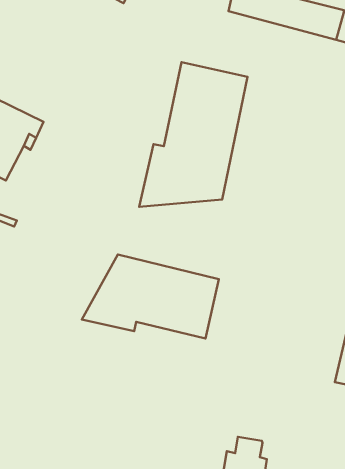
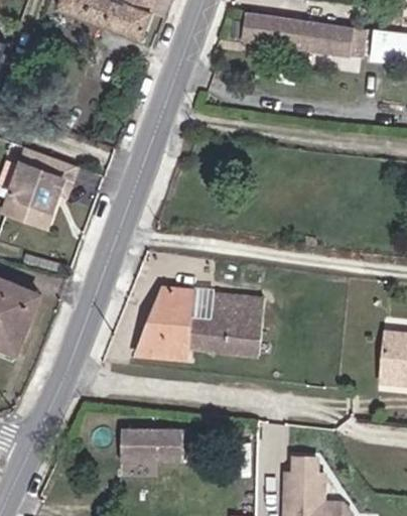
building: [139,62,248,207] -> none
building: none -> [117,426,182,464]

